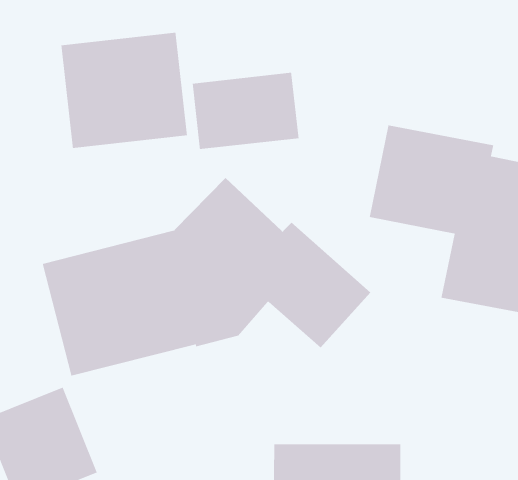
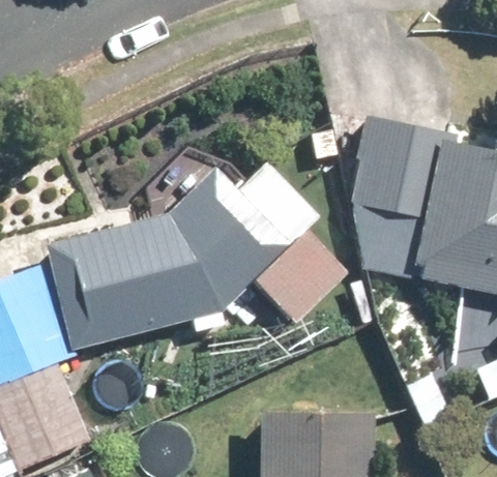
building: [61,32,188,149] -> none
building: [192,72,299,150] -> none

